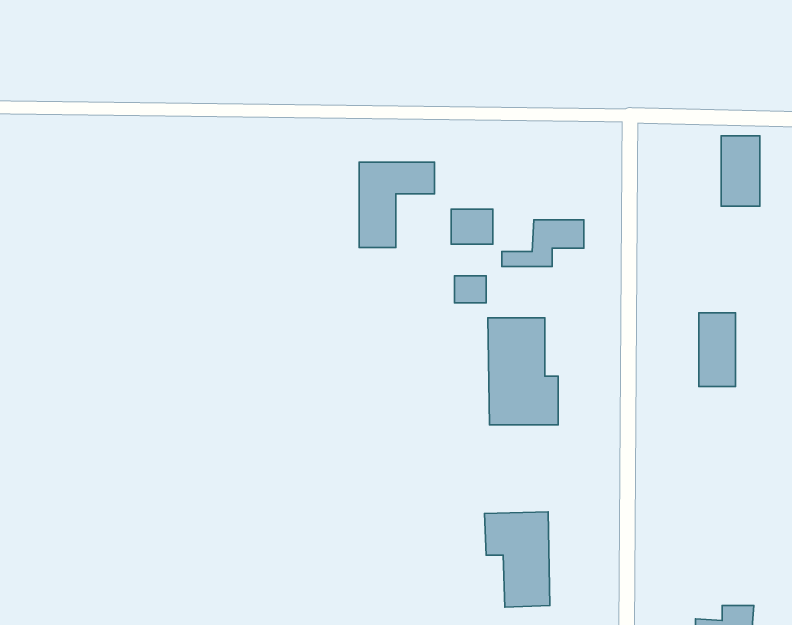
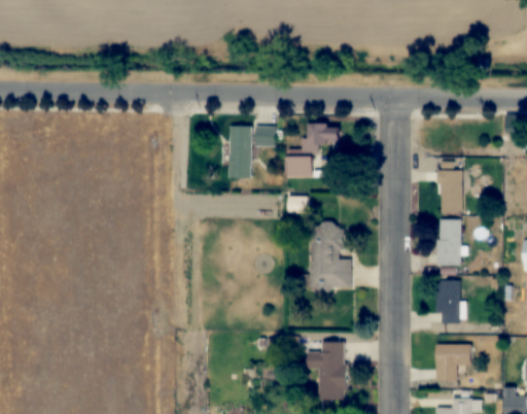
building: [721,136,760,206] -> [440,170,463,213]
building: [502,220,584,267] -> [288,125,339,153]
building: none -> [437,280,460,323]
building: none -> [436,345,471,381]

